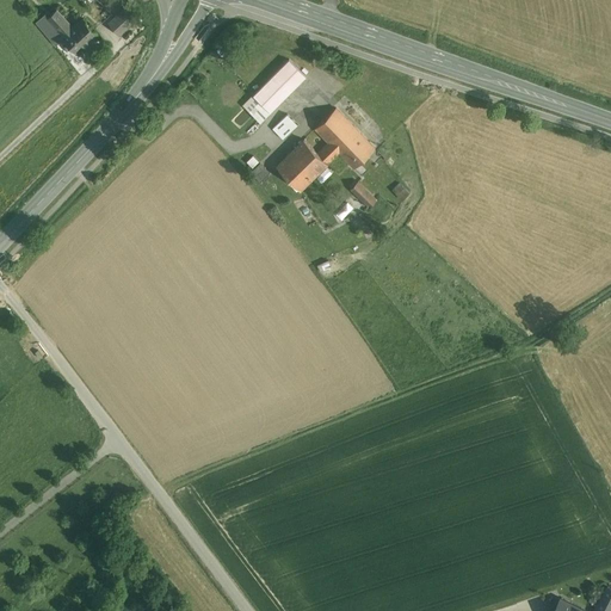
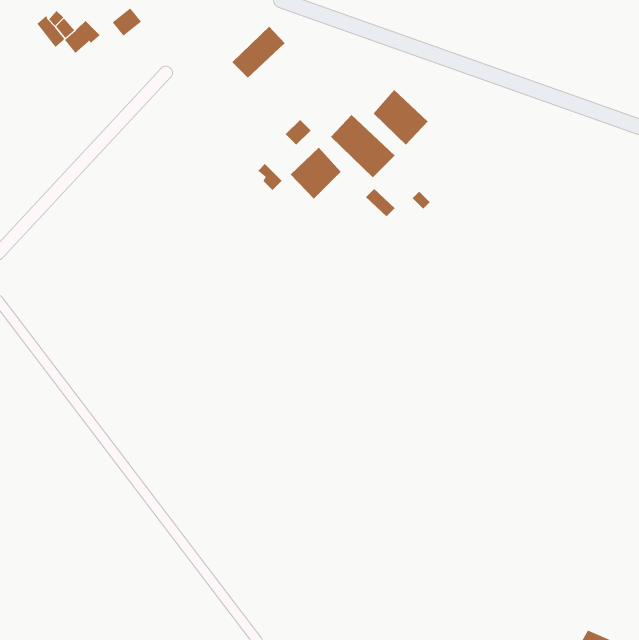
building: [252,63,303,113] -> [232,26,285,78]
building: none -> [373,89,428,145]

